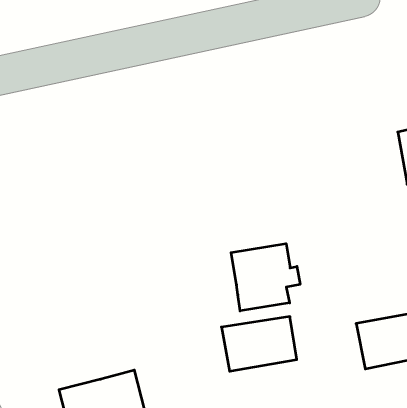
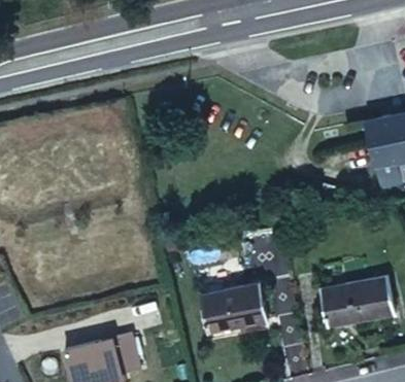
building: [231,244,300,311] -> none

